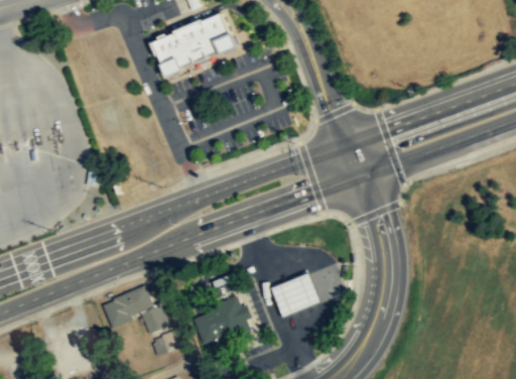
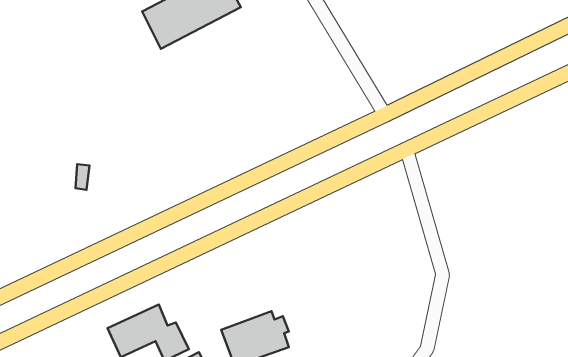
building: [273,275,321,318] -> none

